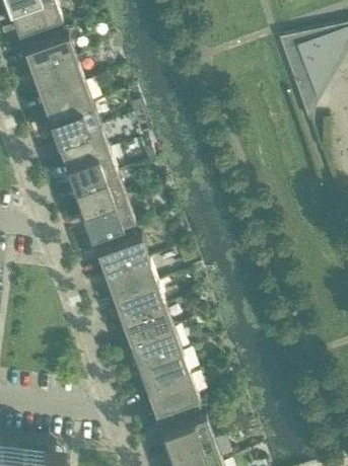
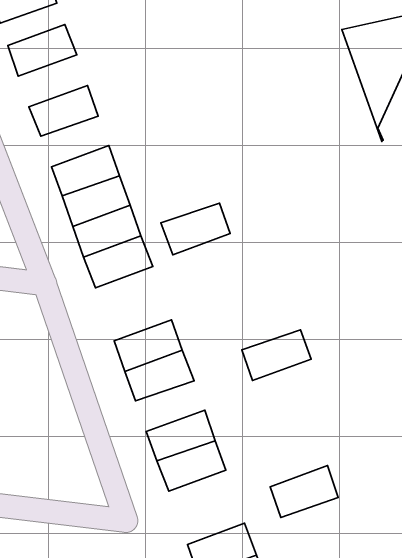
building: [33,65,86,104] -> none
building: [51,111,102,150] -> none
building: [97,243,150,283] -> [161,203,230,255]
building: [123,313,176,352] -> [242,330,311,381]
building: [148,381,200,420] -> [270,466,338,517]

